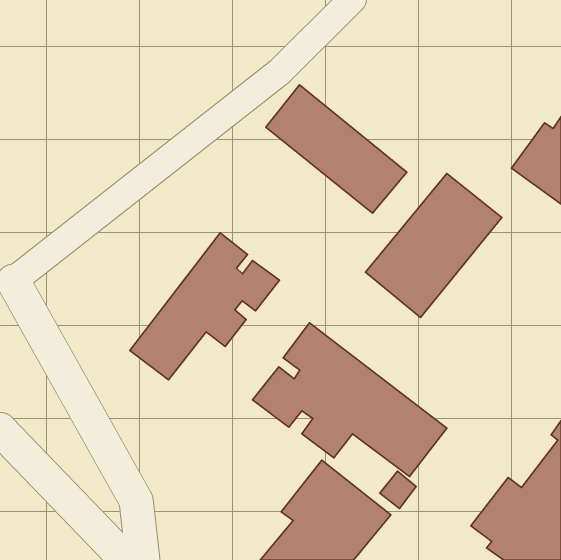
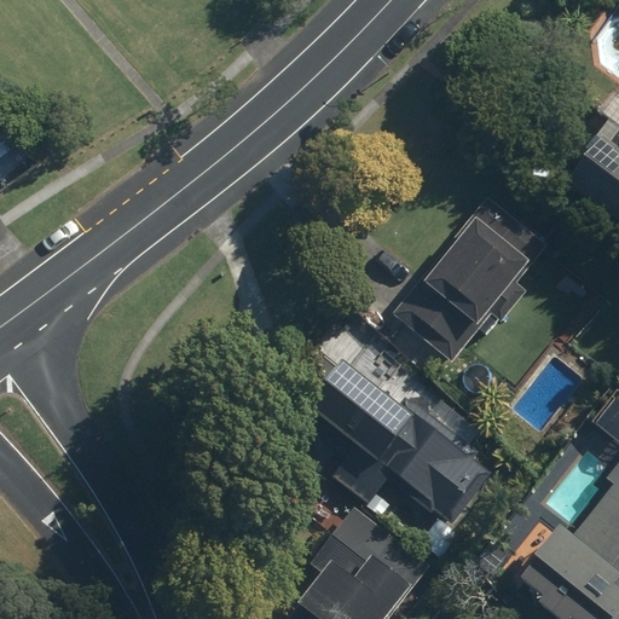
building: [266,85,407,213] -> none
building: [130,233,280,380] -> none

